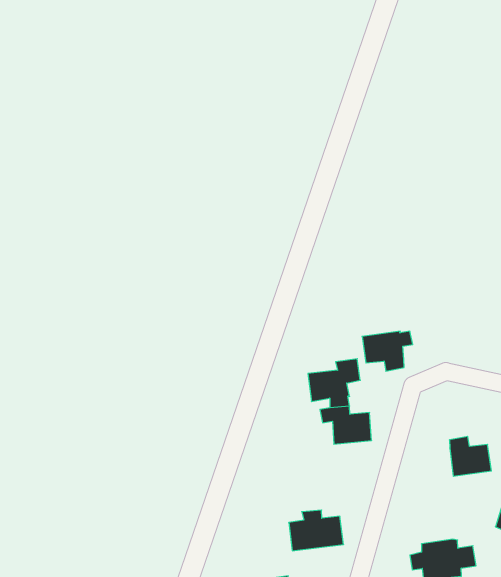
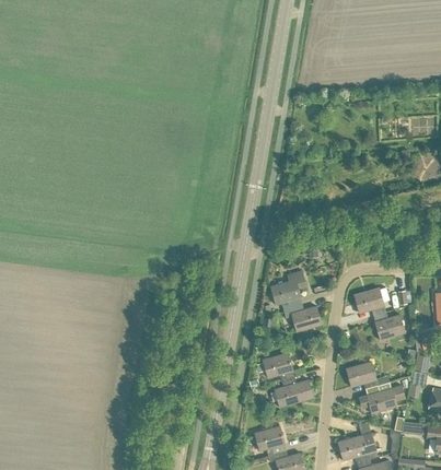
building: [362,331,413,371] -> [353,286,388,316]
building: none -> [263,352,294,380]
building: none -> [346,361,382,389]

